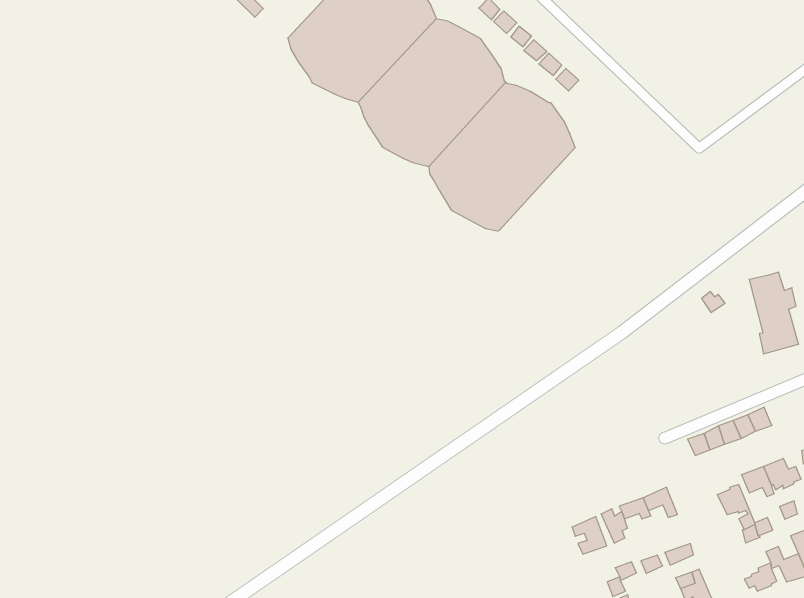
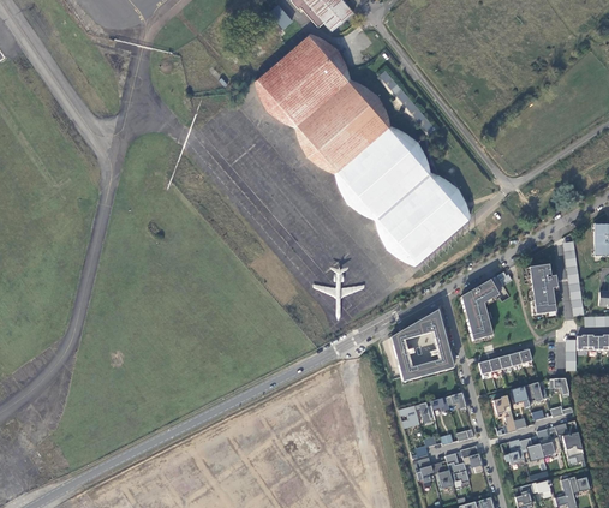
building: none -> [375,171,468,263]
building: none -> [461,280,498,340]
building: none -> [390,312,453,379]

